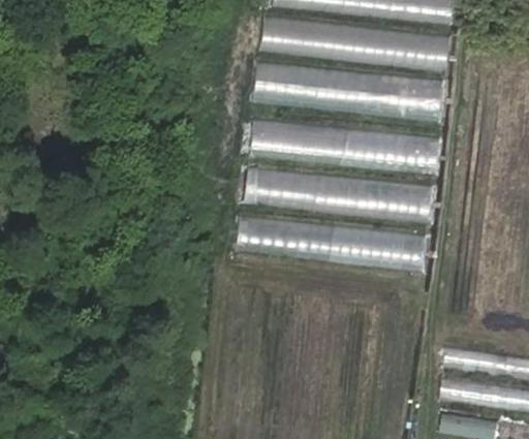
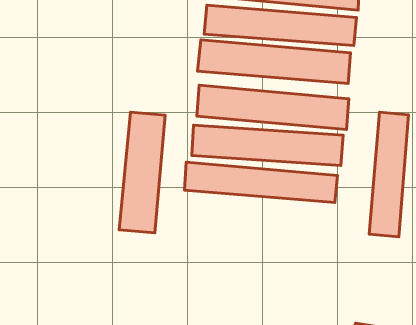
building: none -> [119,112,165,233]
building: none -> [369,112,409,237]

